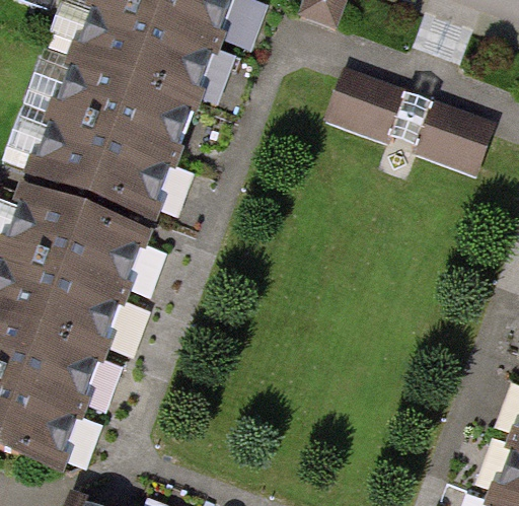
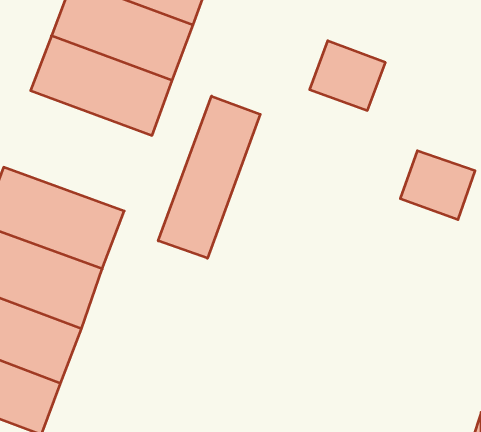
building: [419,102,495,172] -> [400,151,475,220]
building: [24,120,168,222] -> none
building: none -> [158,96,260,258]

